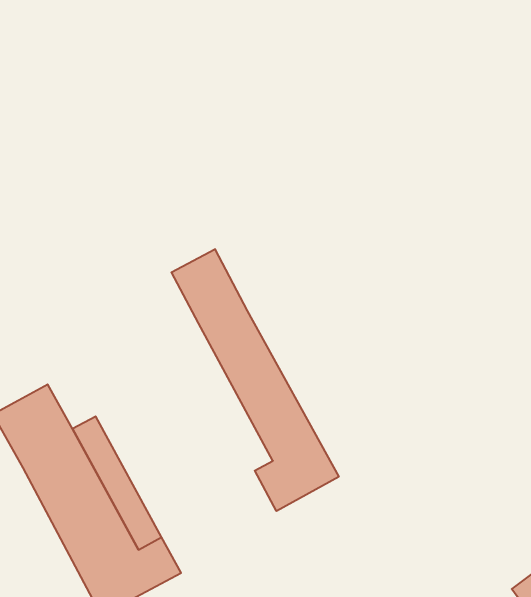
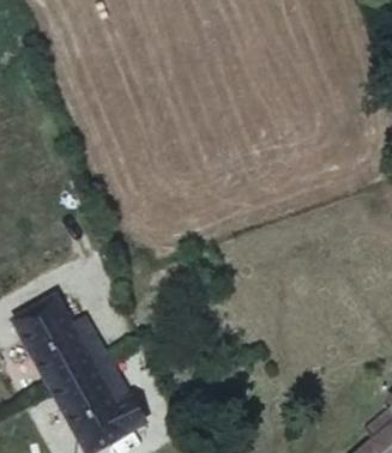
building: [171,249,339,511] -> none

